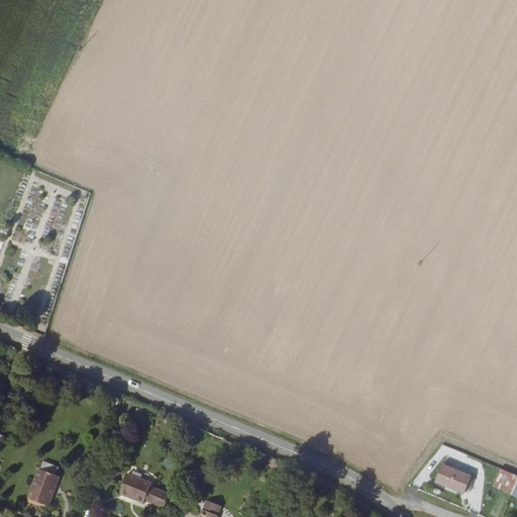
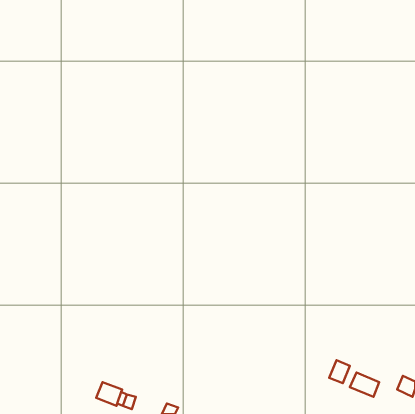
building: none -> [329,360,350,383]
building: [28,468,58,506] -> none

